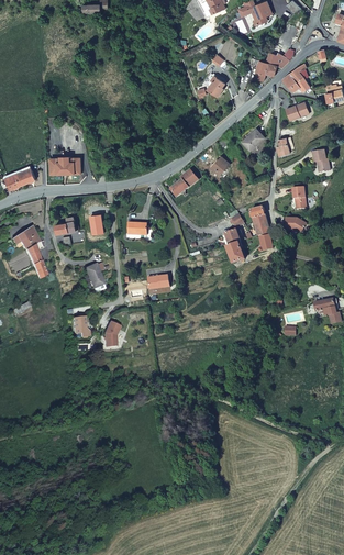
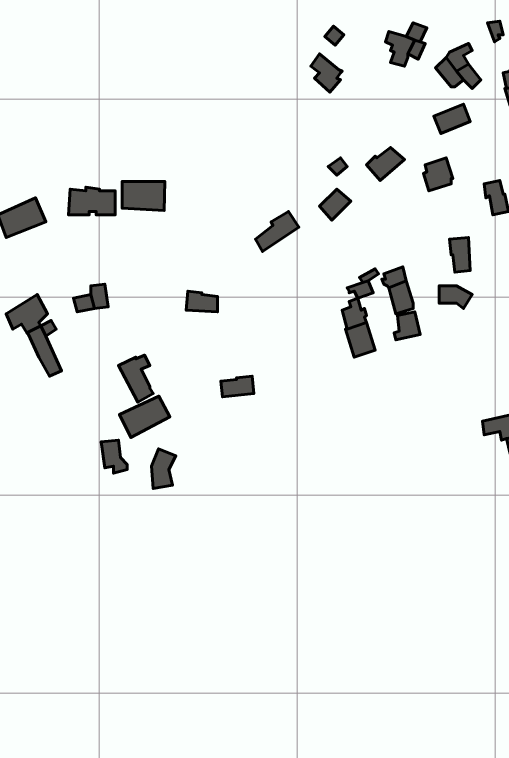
building: none -> [122,181,165,211]
building: none -> [120,396,170,437]

